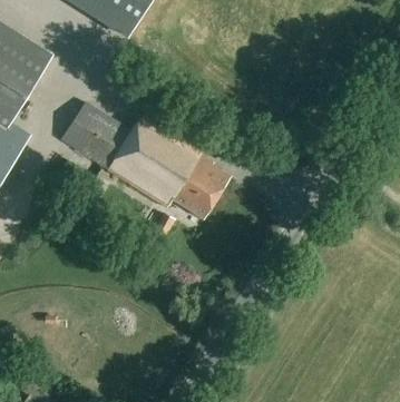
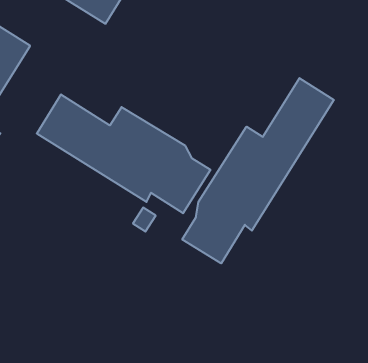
building: none -> [182,78,334,263]

